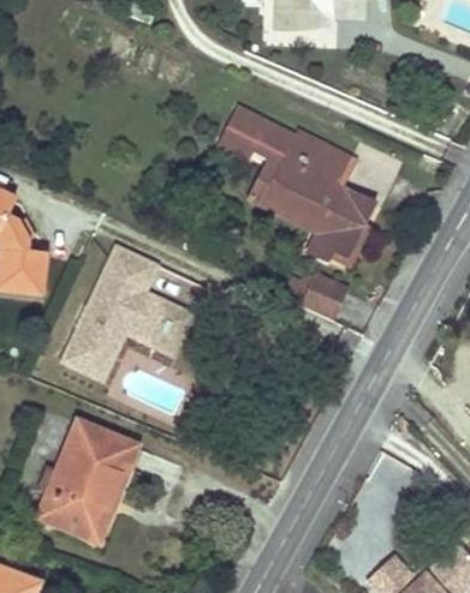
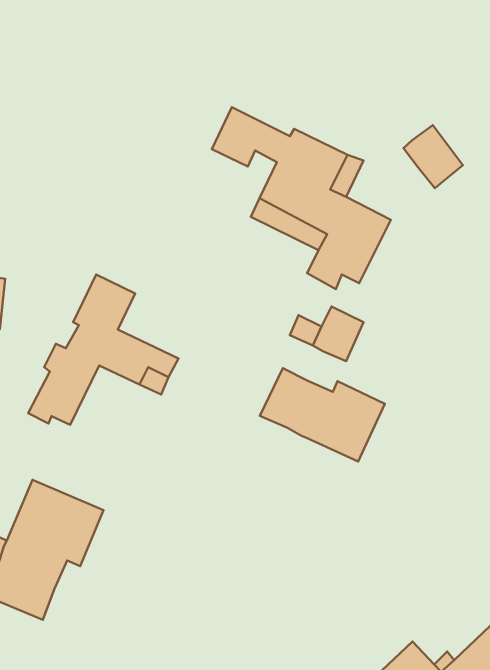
building: none -> [403,125,463,188]
building: none -> [260,368,385,462]

